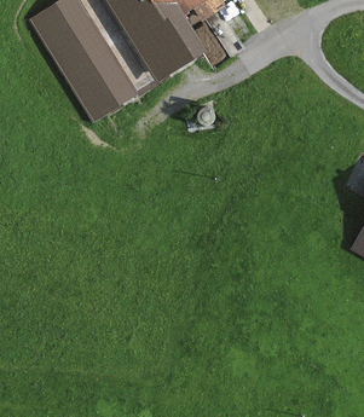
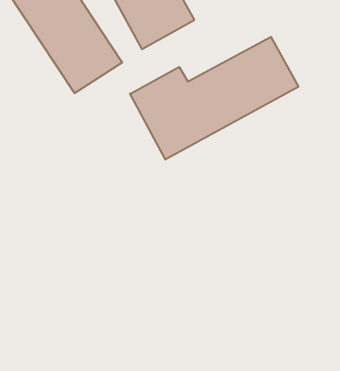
building: none -> [130,37,298,160]

